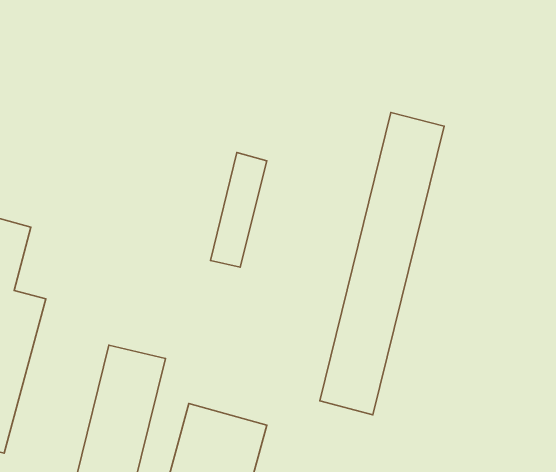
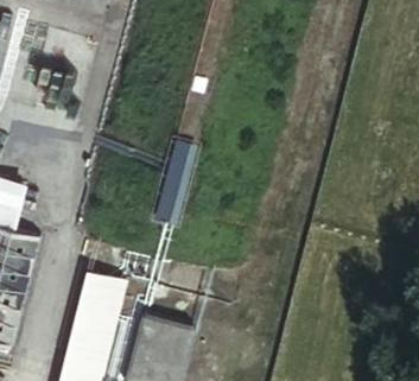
building: [320,112,444,415] -> none

